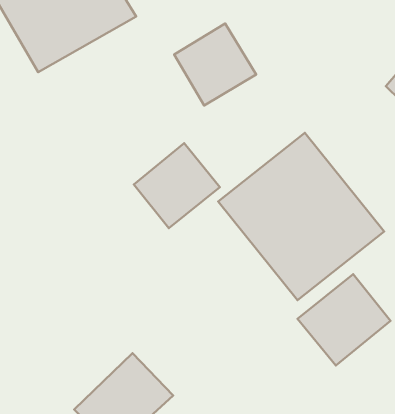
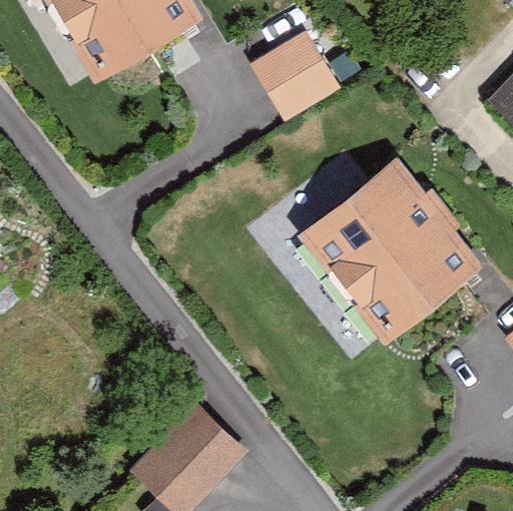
building: [134,143,220,228] -> none
building: [298,274,391,366] -> none

